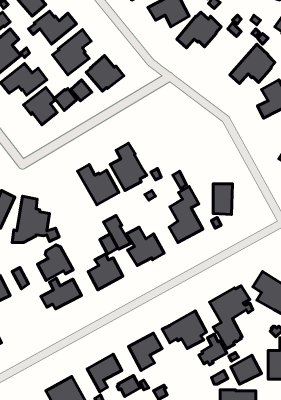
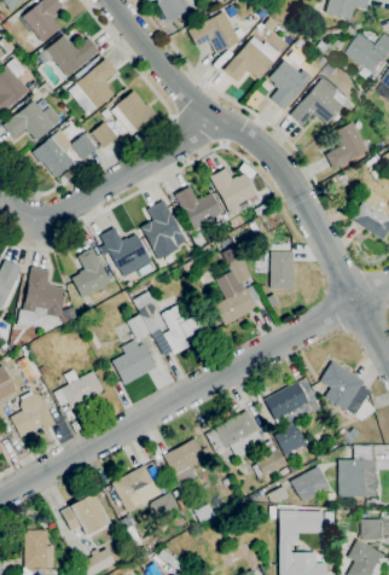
building: none -> [268,60,312,110]
building: none -> [209,168,256,214]
building: none -> [175,186,221,228]
building: none -> [71,248,110,297]
building: [38,245,73,281] -> [10,393,54,437]

